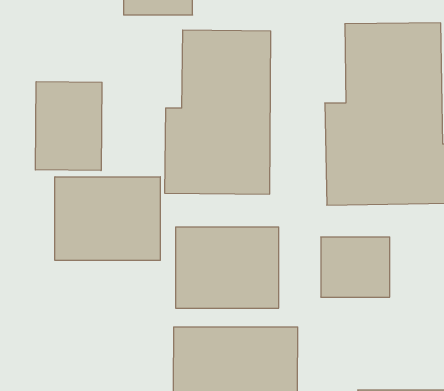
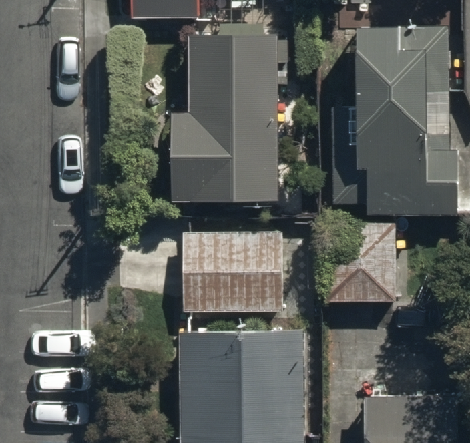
building: [35,82,102,171] -> none
building: [55,177,160,260] -> none

